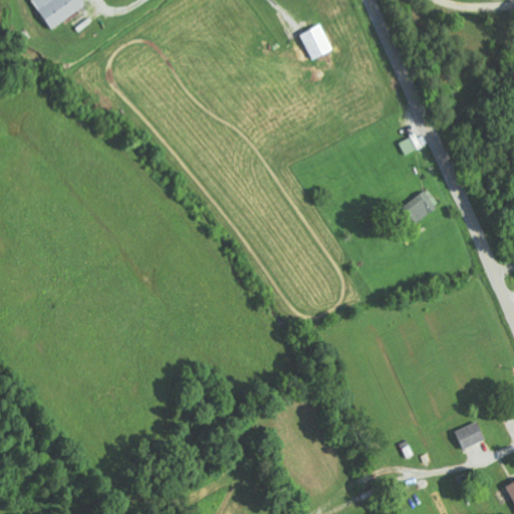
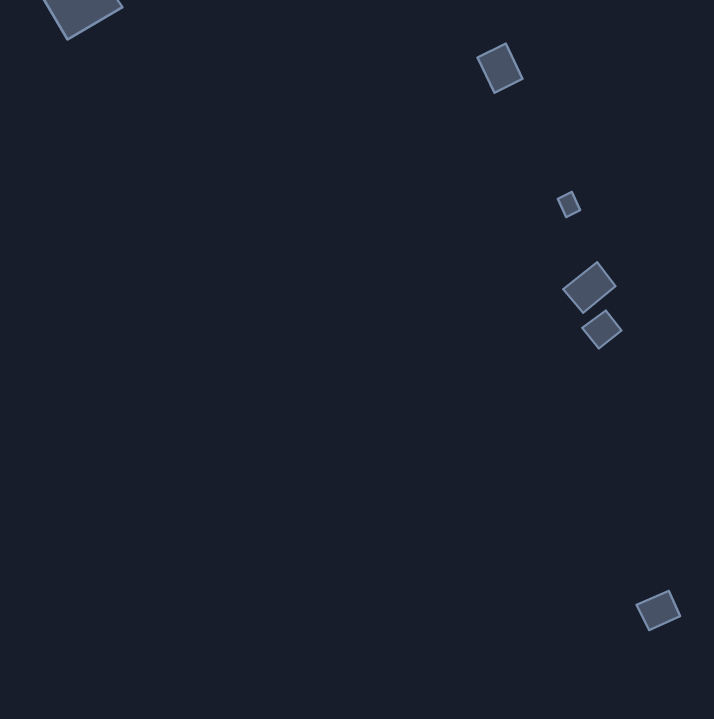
building: [300,24,332,59] -> [478,44,523,93]
building: none -> [582,310,622,349]

